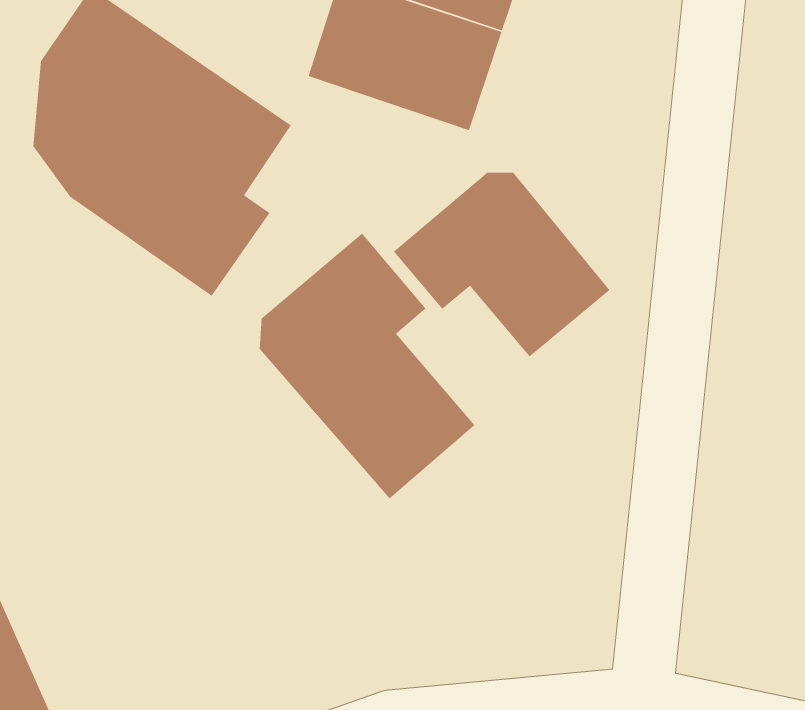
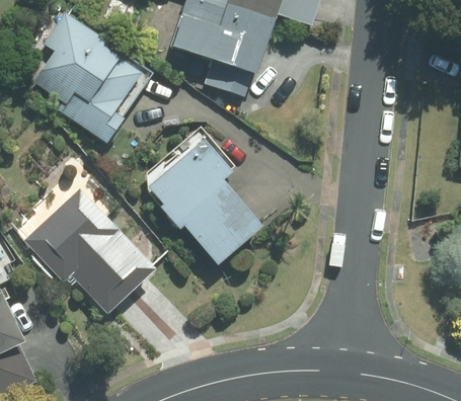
building: [393,172,611,358] -> none
building: none -> [23,187,155,315]

